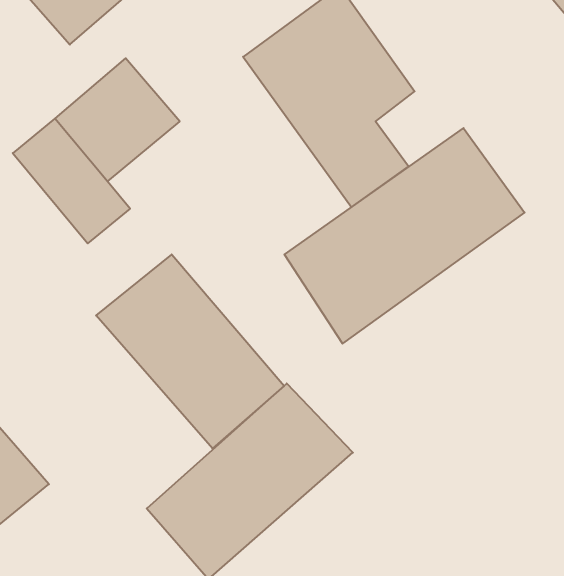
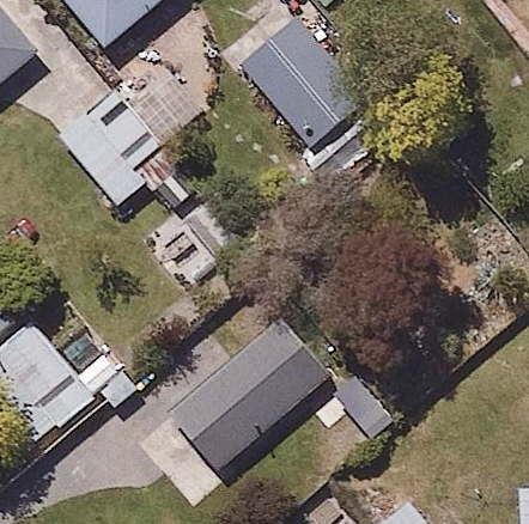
building: [284,128,525,344] -> none
building: [96,254,284,449] -> none

